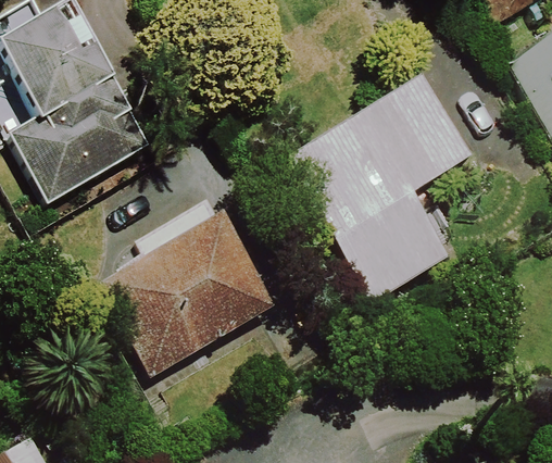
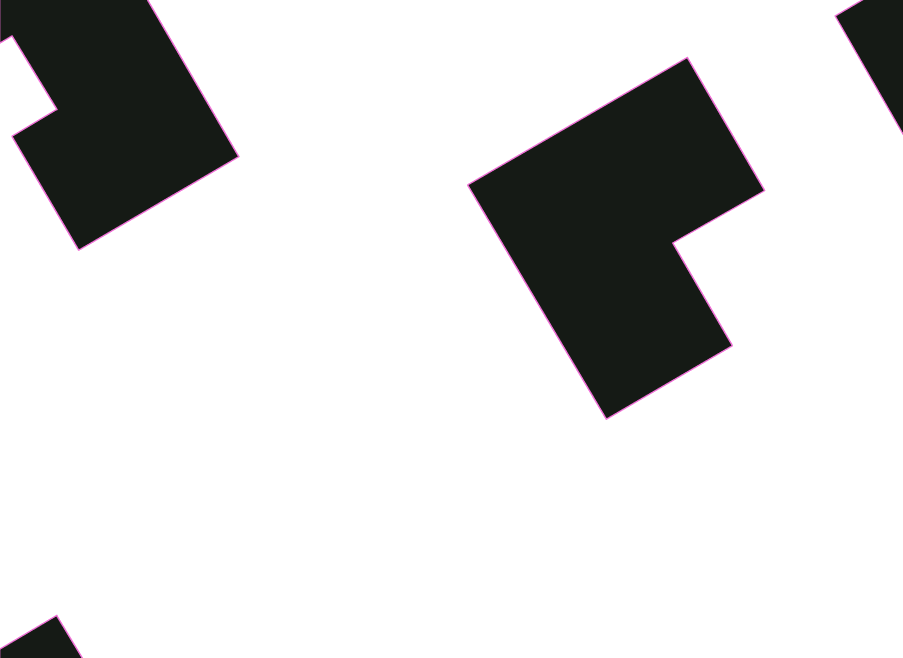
building: [102,192,275,373] -> none

